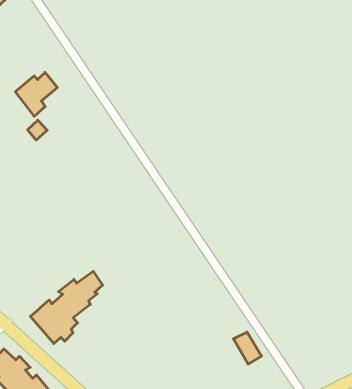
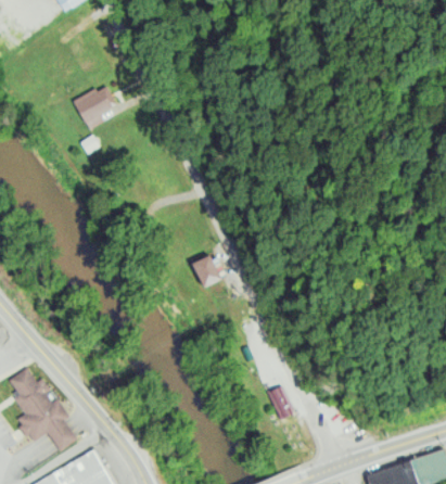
building: none -> [192,255,221,288]
building: [30,271,103,344] -> none

